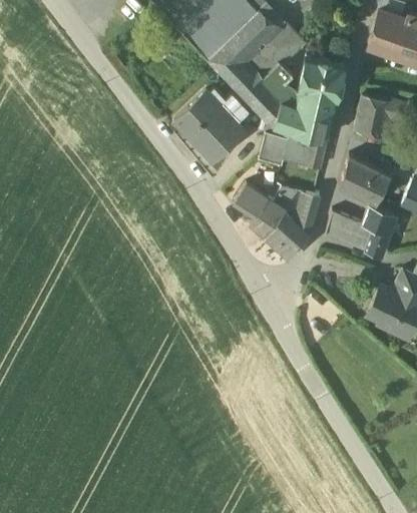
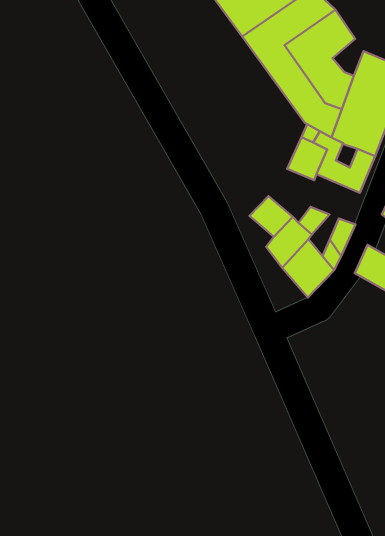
building: [173,90,245,161] -> none

